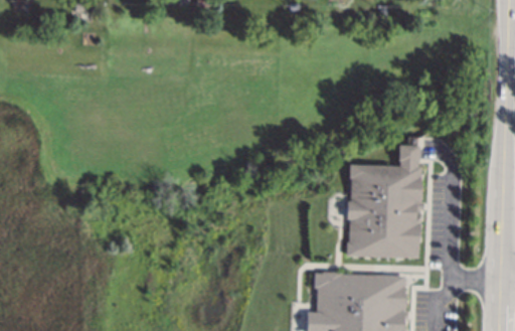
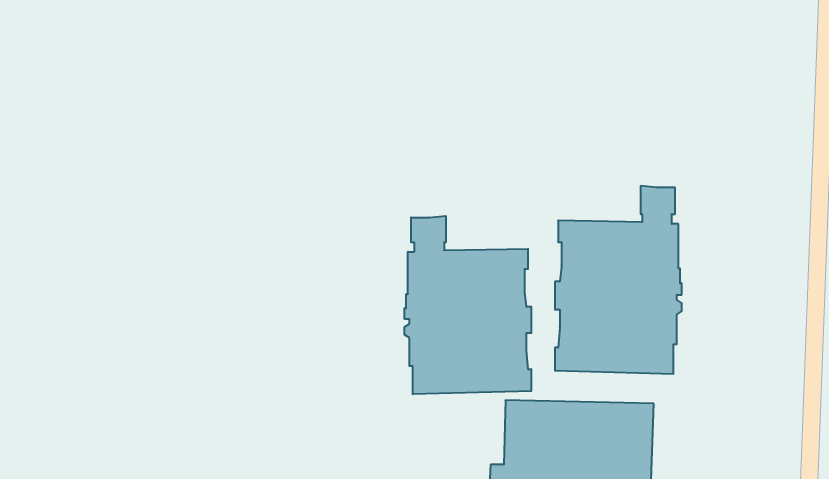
building: none -> [405,216,531,394]

